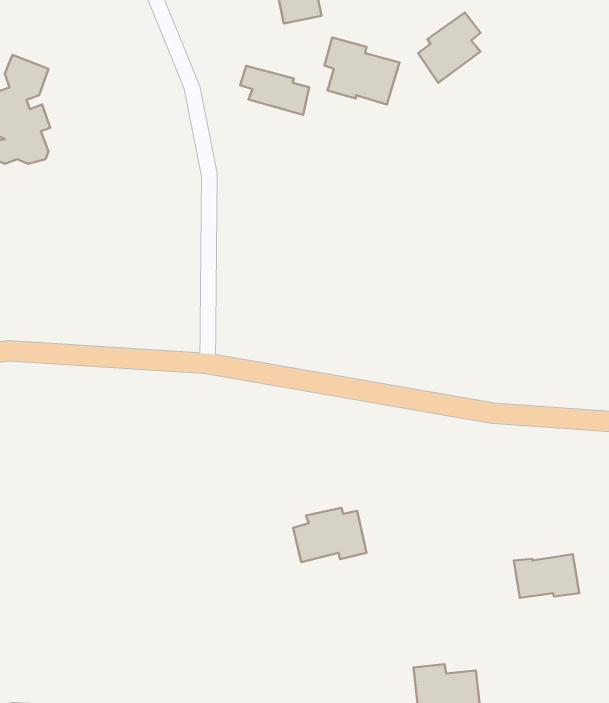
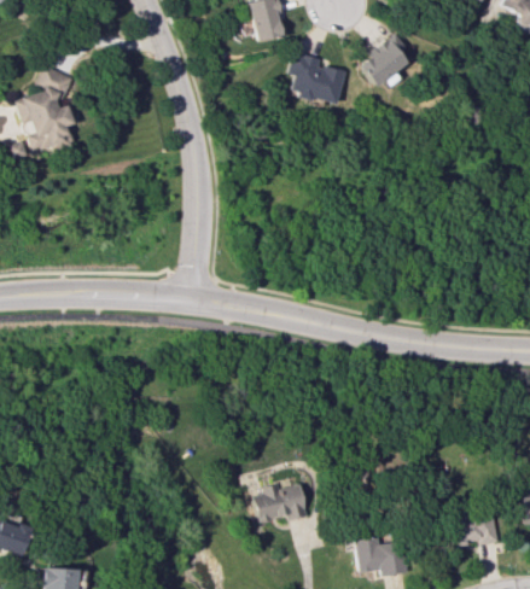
building: [240,66,309,115] -> none
building: [293,508,367,562] -> [254,480,310,523]
building: [514,554,579,598] -> [449,512,500,546]

